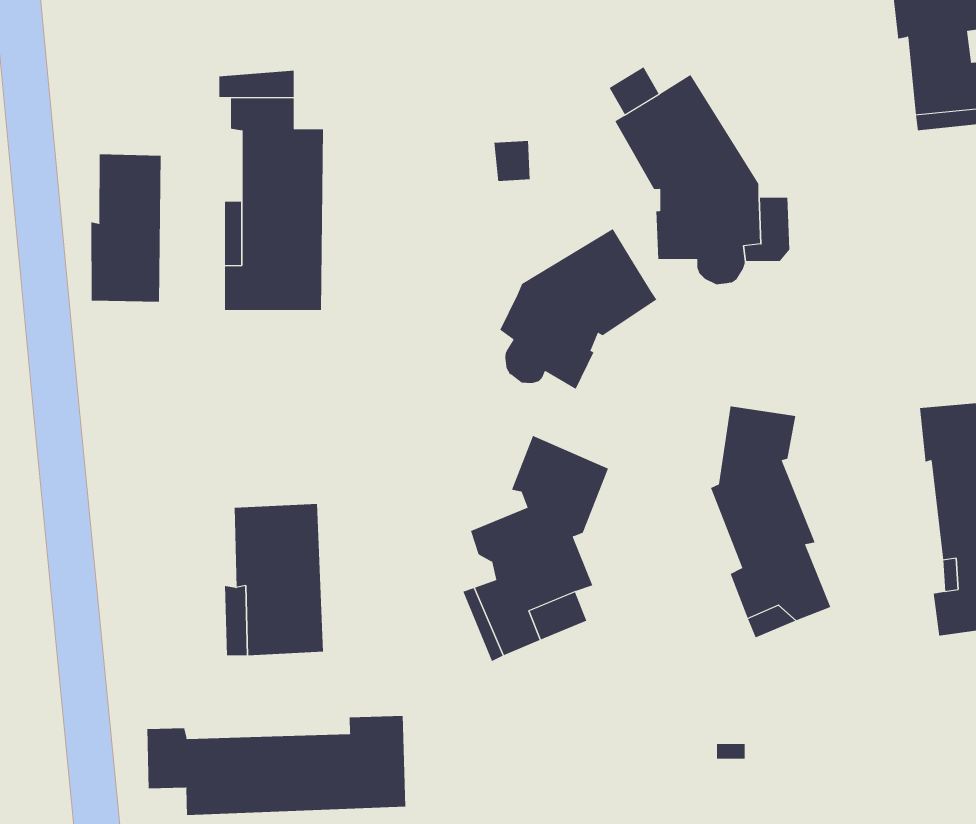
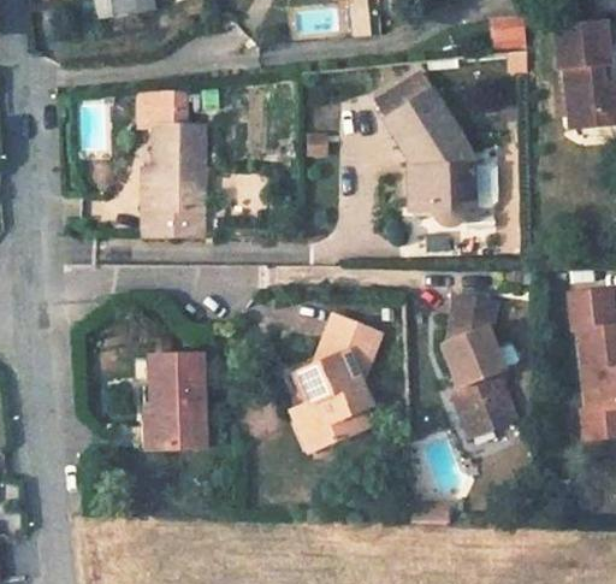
building: [91,154,161,302] -> none
building: [500,228,657,390] -> none
building: [147,715,406,816] -> none

